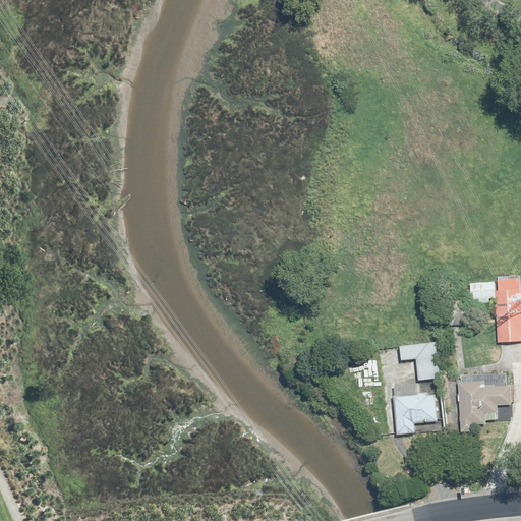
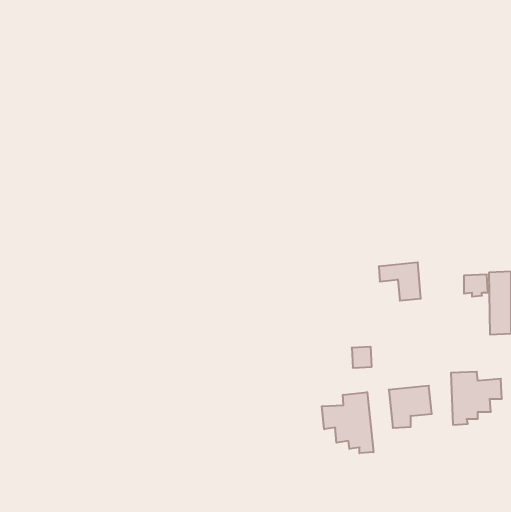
building: [398,341,441,380] -> [379,262,421,301]
building: none -> [322,392,373,453]

